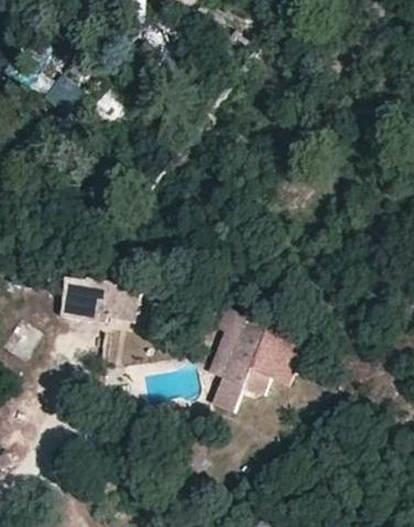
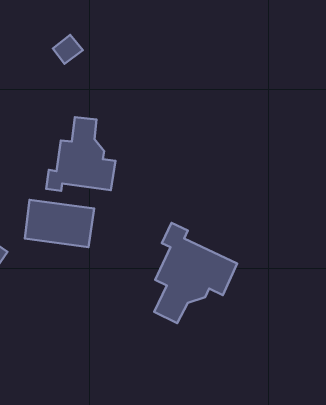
building: none -> [46,117,115,191]

